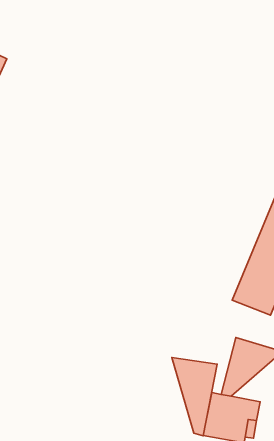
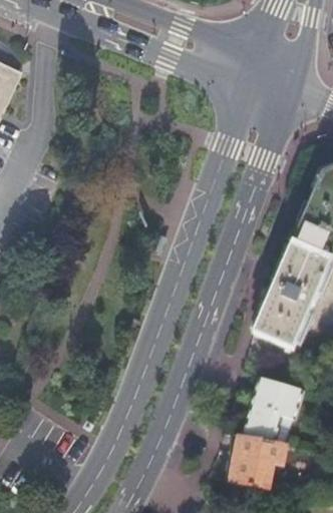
building: [172,358,217,436] -> none

